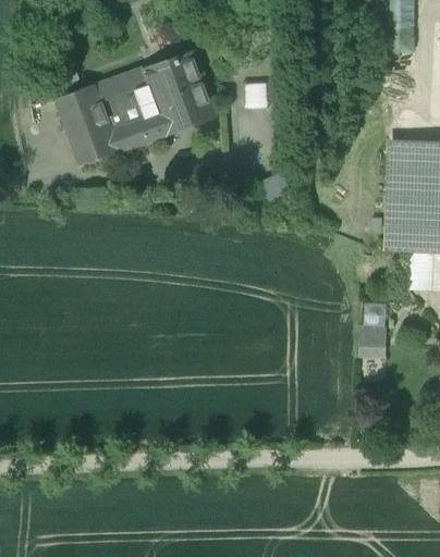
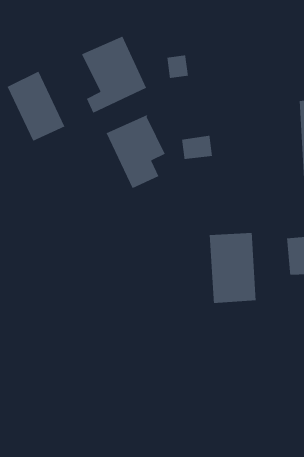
building: [96,67,163,152] -> [105,114,166,189]
building: none -> [209,232,256,304]

